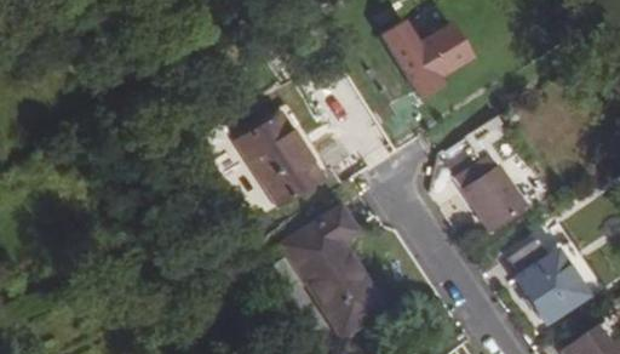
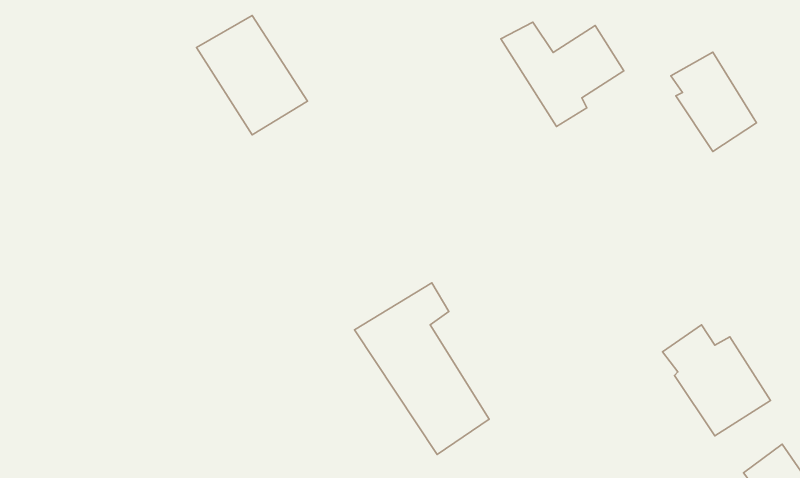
building: [240,114,320,200] -> [197,16,308,135]
building: [459,155,521,227] -> [671,52,757,151]

